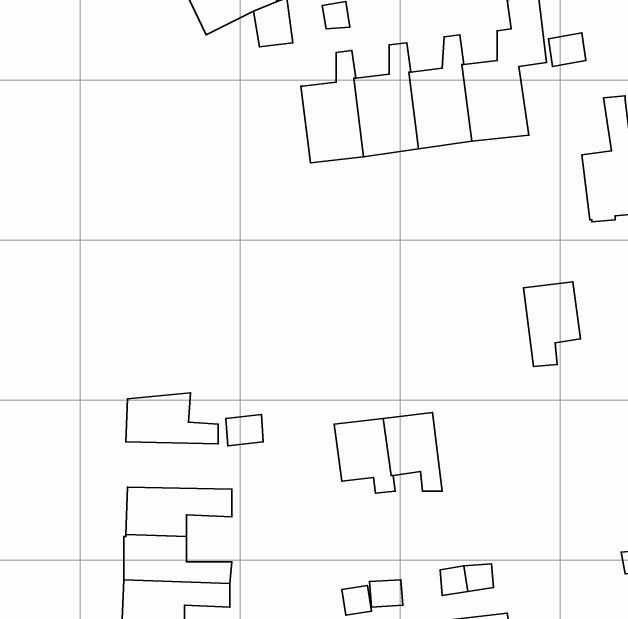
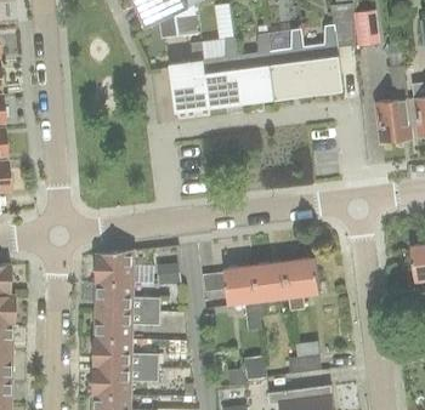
building: none -> [169,41,209,112]
building: [524,282,581,366] -> [284,257,319,309]
building: none -> [95,279,162,308]

